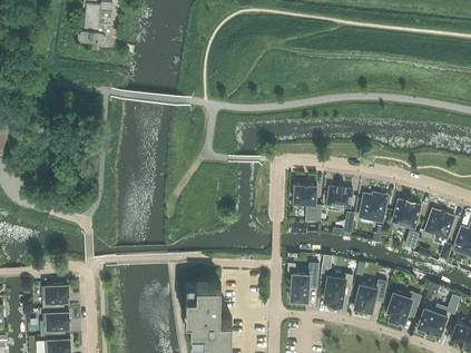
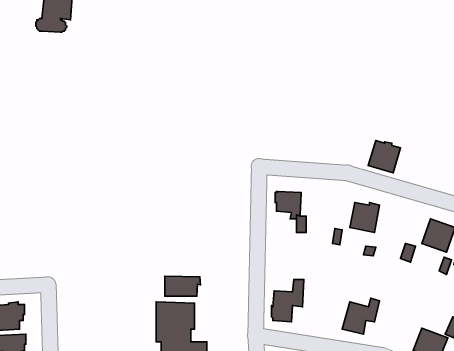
building: [326,184,353,206] -> none
building: [392,197,421,226] -> [368,141,400,173]
building: none -> [165,276,201,296]
building: [324,272,353,304] -> none
building: [385,290,420,320] -> none

